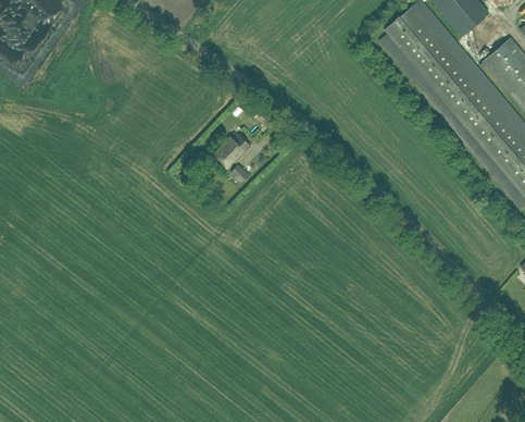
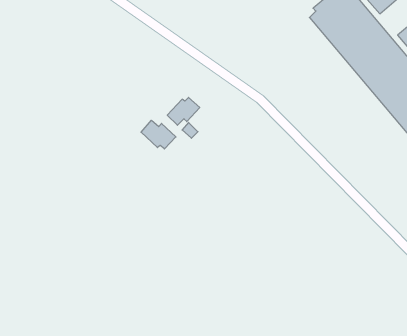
building: none -> [141,120,176,149]

